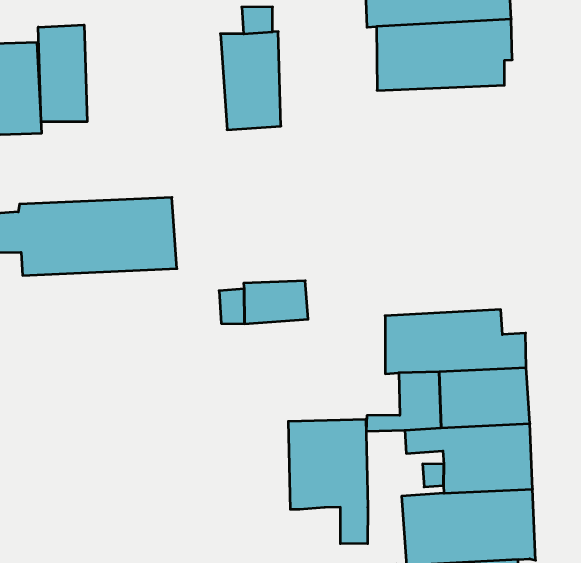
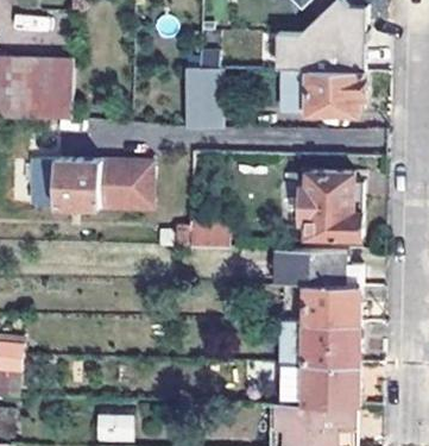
building: [38,25,87,122] -> none
building: none -> [302,171,362,239]
building: [288,419,368,544] -> none

